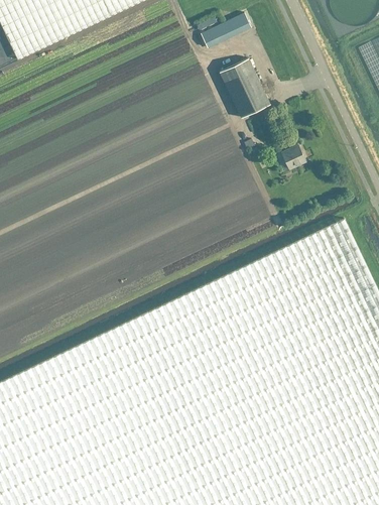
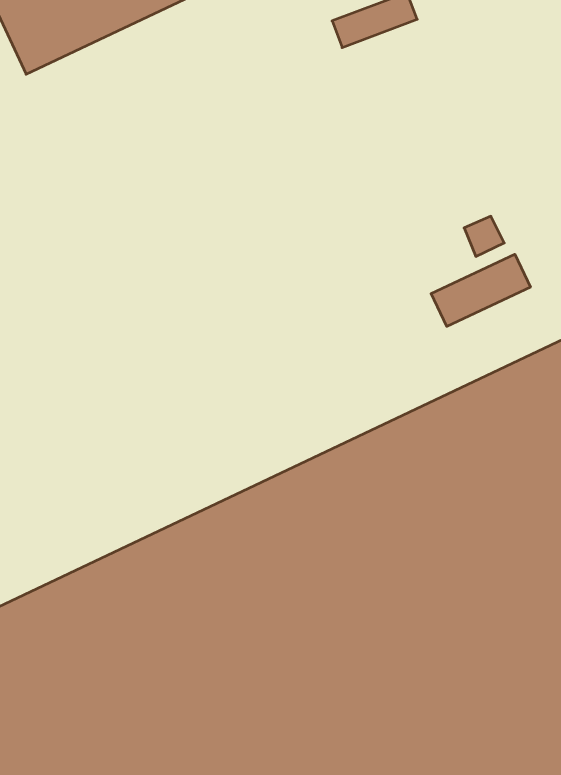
building: [219,59,269,119] -> none
building: none -> [431,254,530,326]

